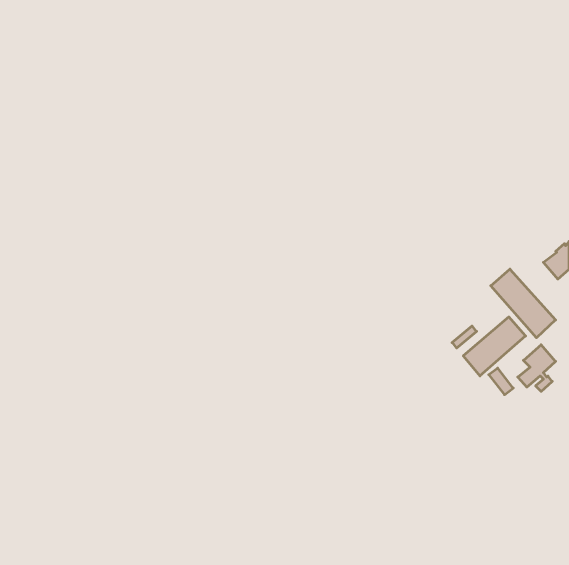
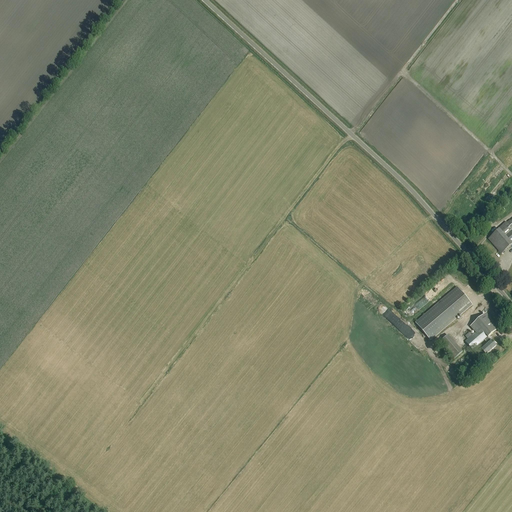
building: [491,269,556,338] -> none

